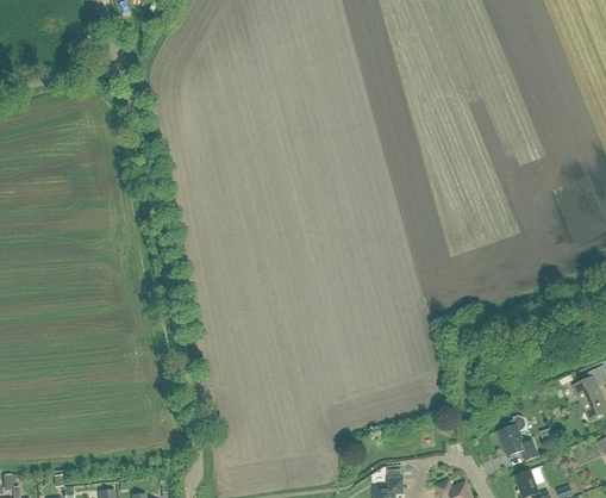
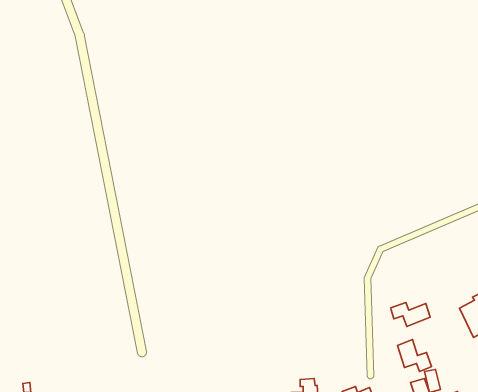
building: none -> [391,302,430,326]

